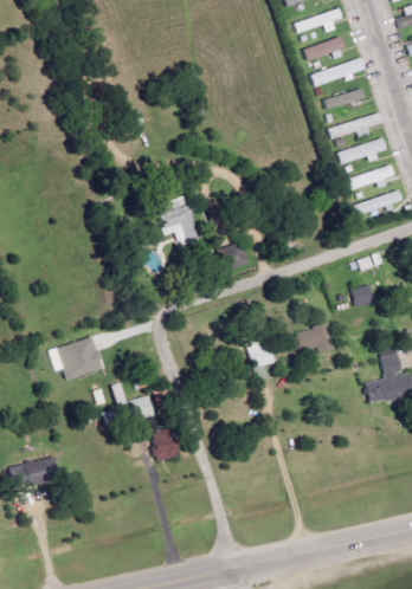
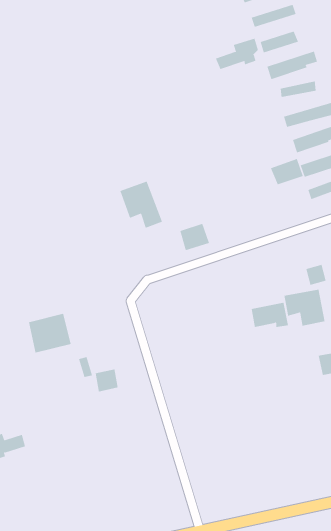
building: none -> [215,38,258,70]
building: none -> [270,158,303,185]
building: none -> [284,289,325,327]
building: [249,338,275,382] -> none
building: [150,431,178,460] -> none

